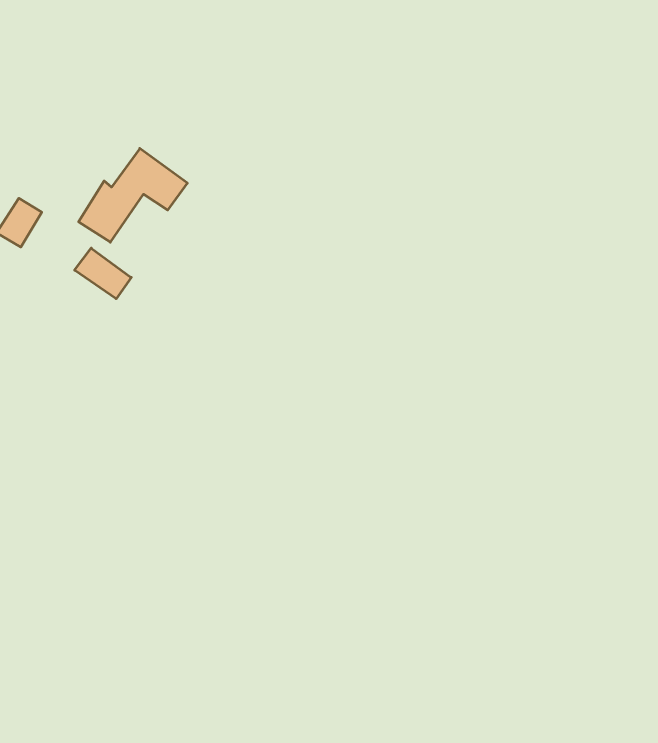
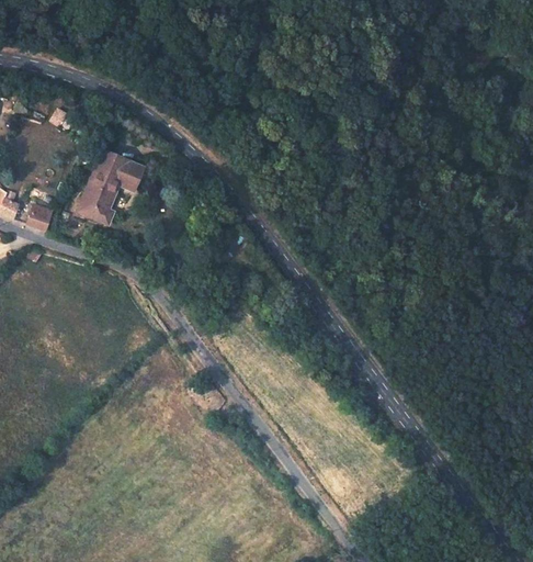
building: [75,248,131,299] -> none

